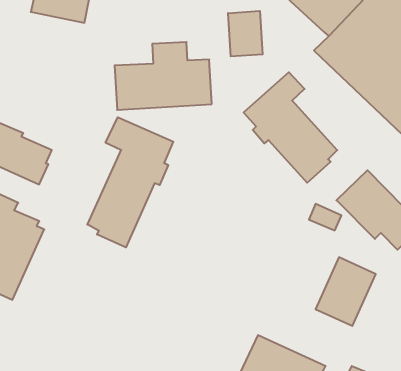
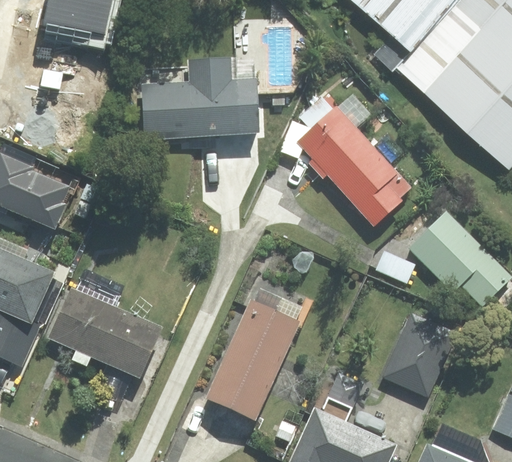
building: [228,11,263,56] -> none
building: [87,117,173,247] -> none
building: none -> [49,278,161,377]
building: none -> [207,288,301,419]

